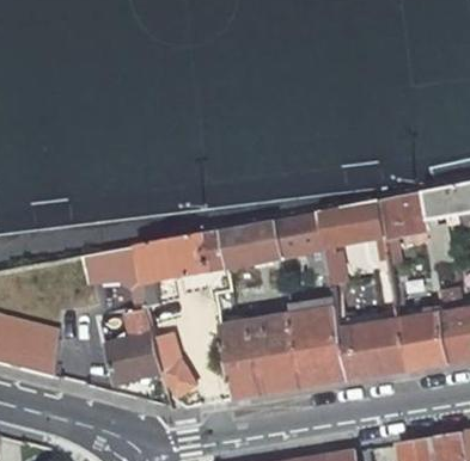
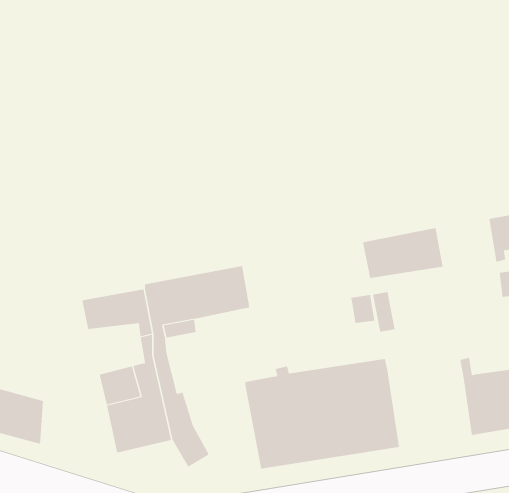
building: [378,191,428,263] -> none
building: [219,210,324,264] -> none
building: [338,313,407,379] -> none

